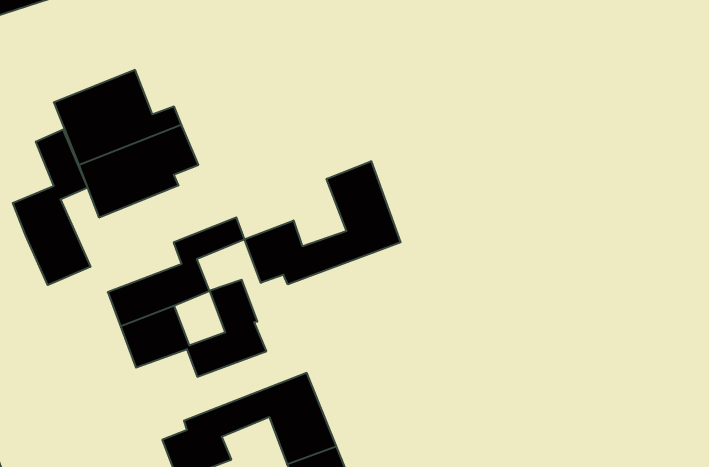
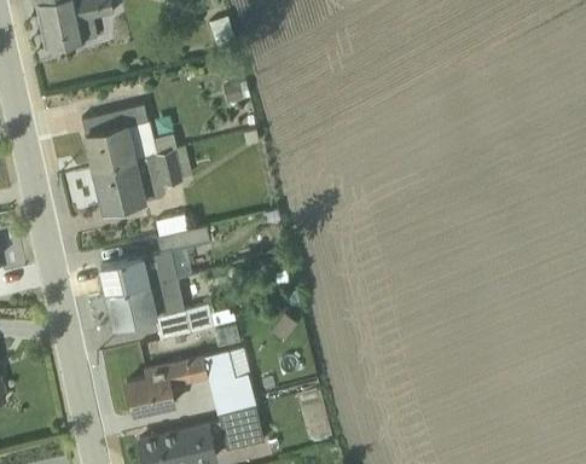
building: [13,130,90,285] -> none
building: [244,161,401,284] -> none

